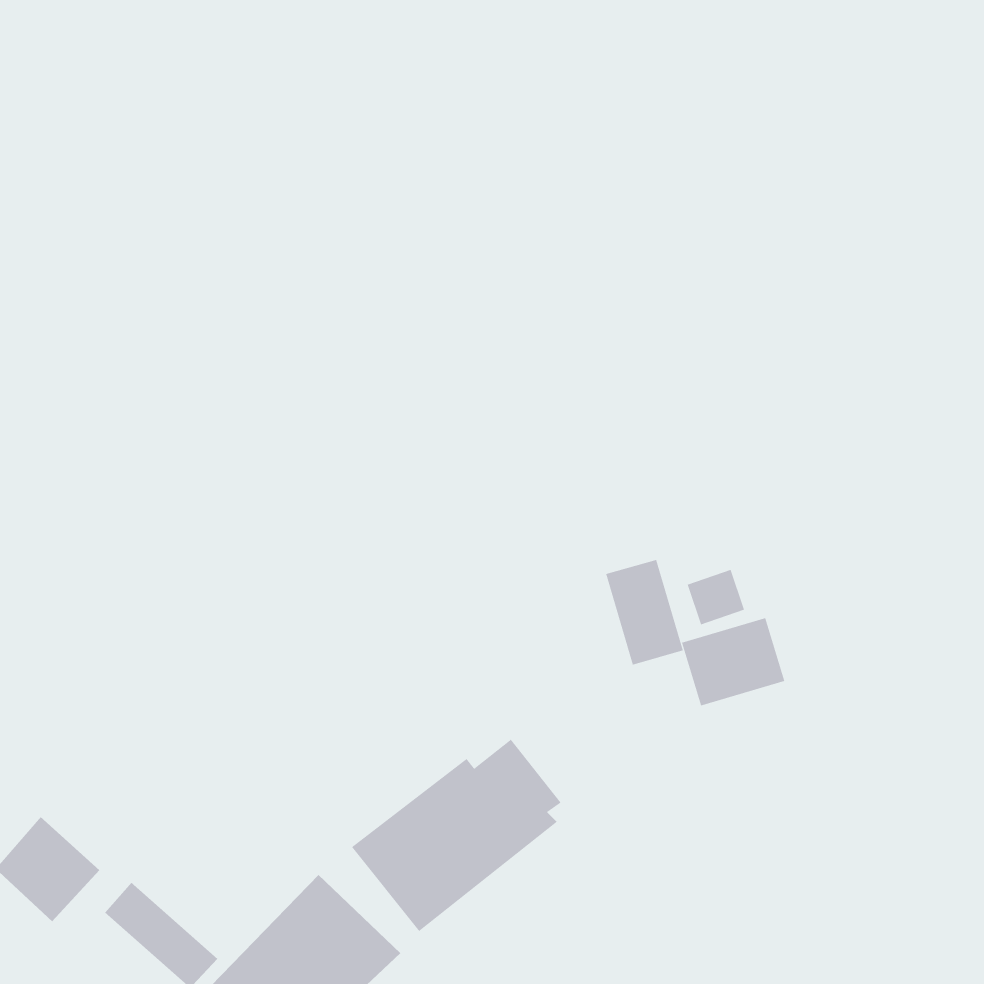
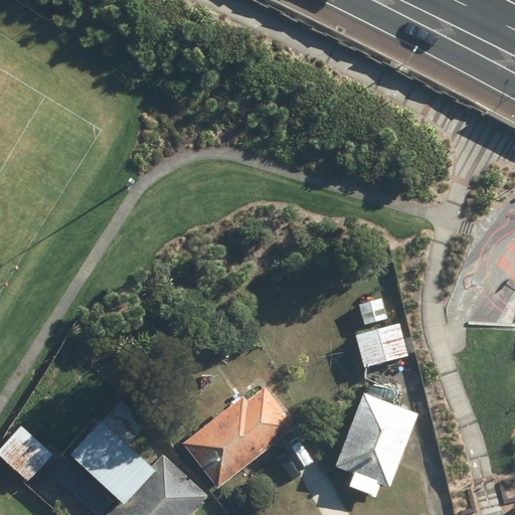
building: [605,559,684,665] -> none
building: none -> [335,392,417,497]
building: none -> [70,419,153,501]

